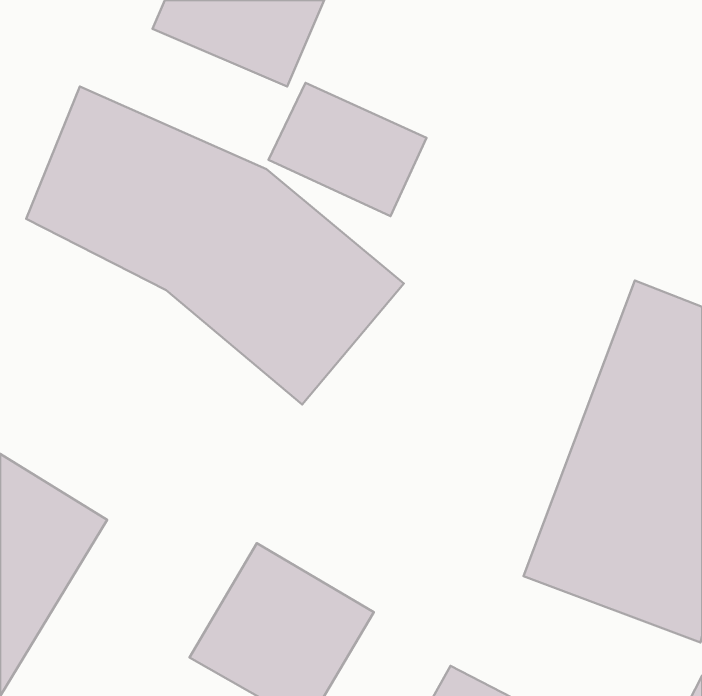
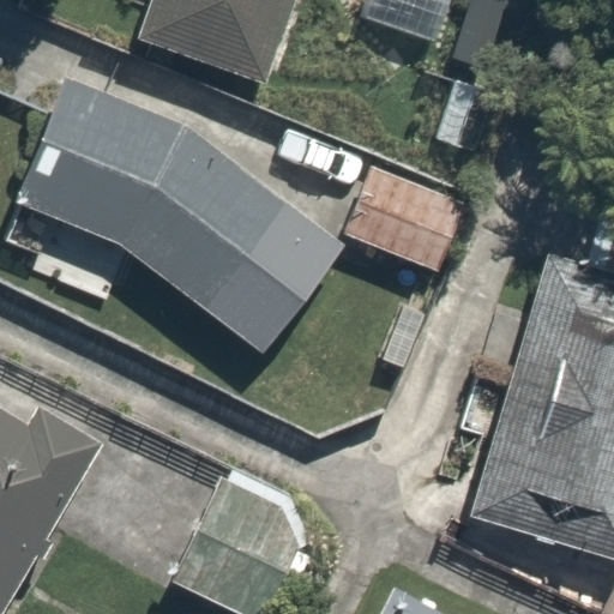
building: [268,83,426,216] -> [341,158,478,275]

